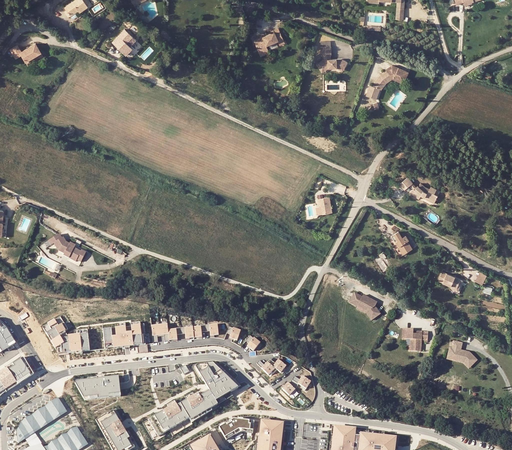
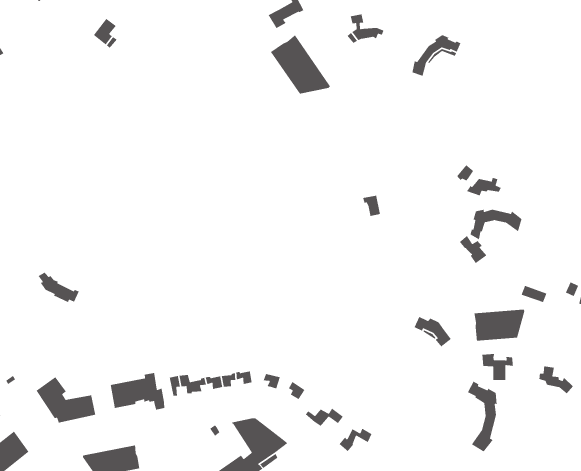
building: none -> [270,34,331,95]
building: none -> [469,209,523,240]
building: none -> [473,309,525,341]
building: none -> [467,380,498,452]

